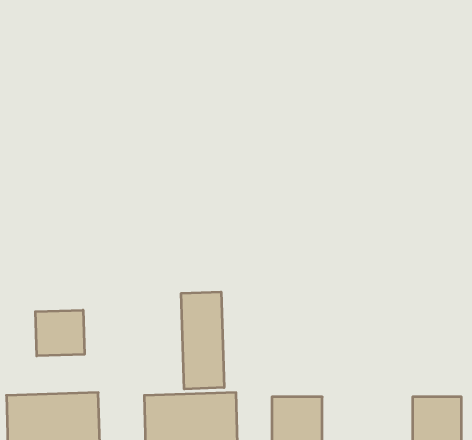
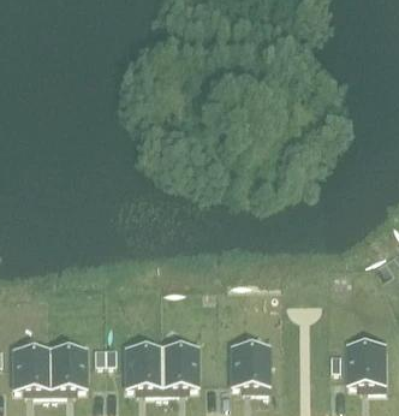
building: [181,292,224,389] -> none
building: [35,310,84,356] -> none

